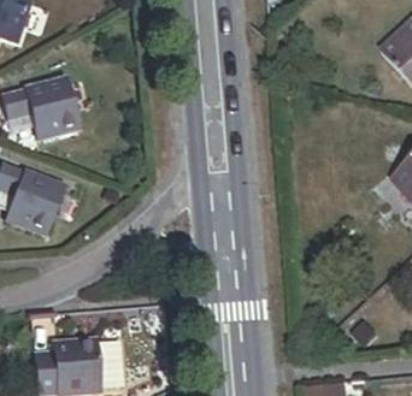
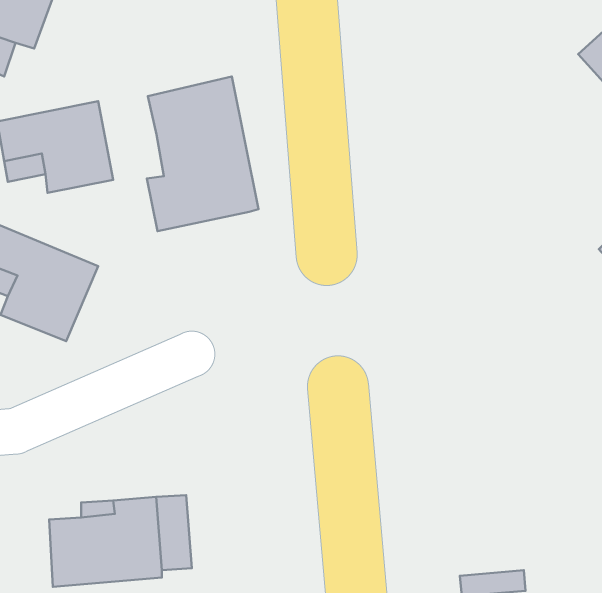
building: none -> [147,77,258,231]

